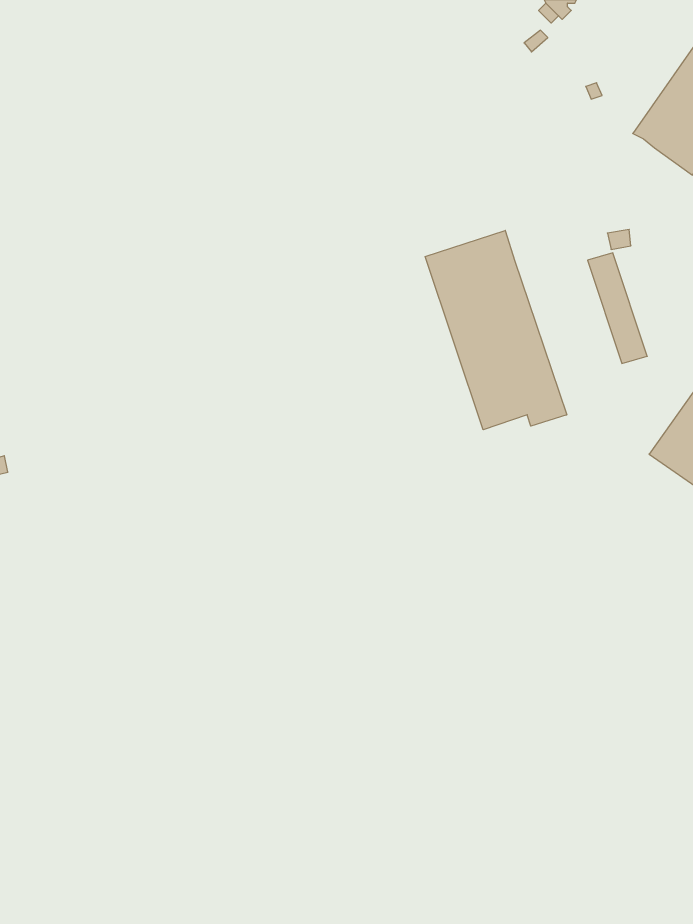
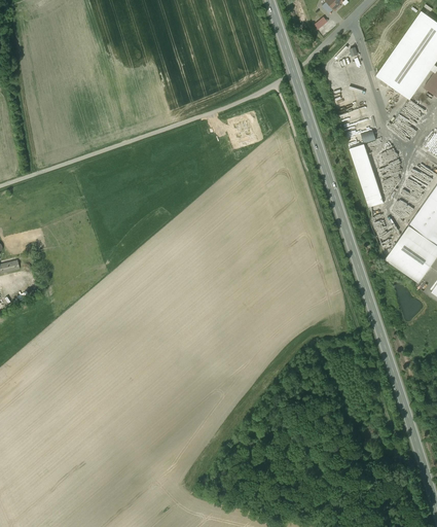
building: [425,230,567,430] -> none

